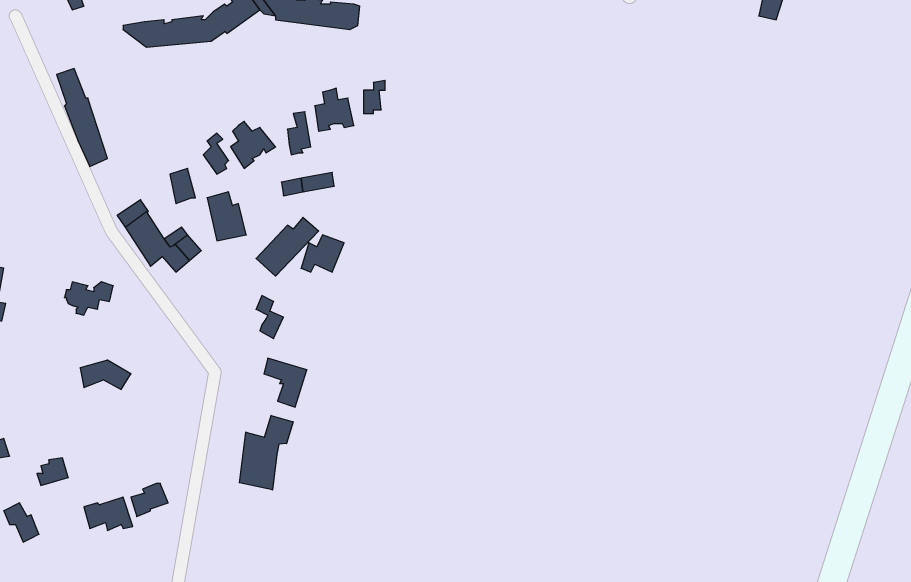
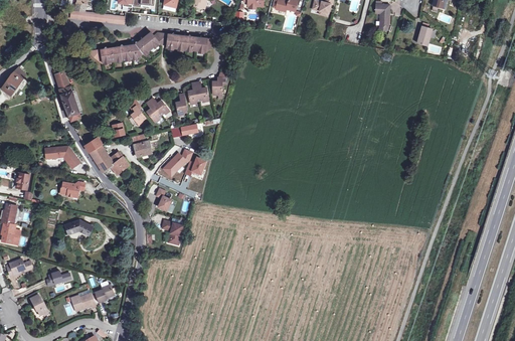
building: none -> [46,146,82,168]
building: [239,415,293,490] -> none

